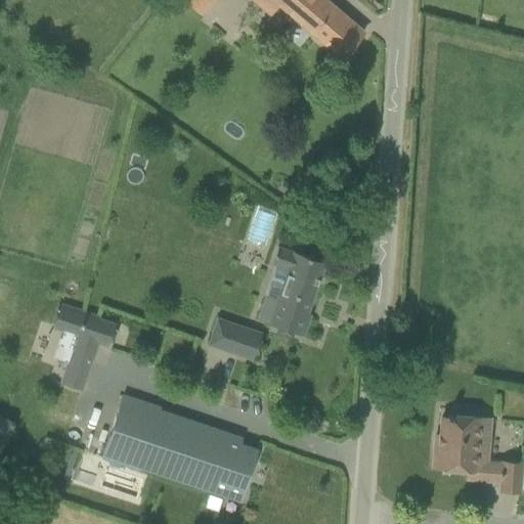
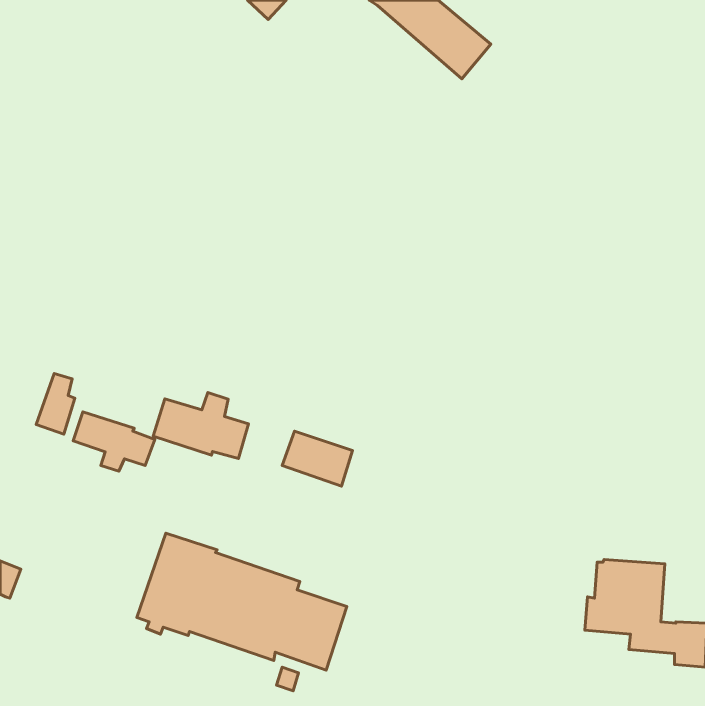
building: [259,248,325,336] -> none
building: none -> [153,392,248,458]
building: [62,345,91,390] -> [36,373,75,434]

